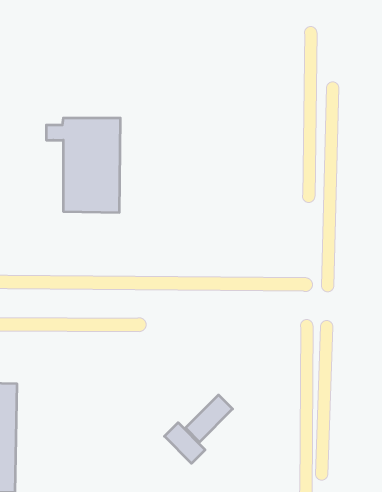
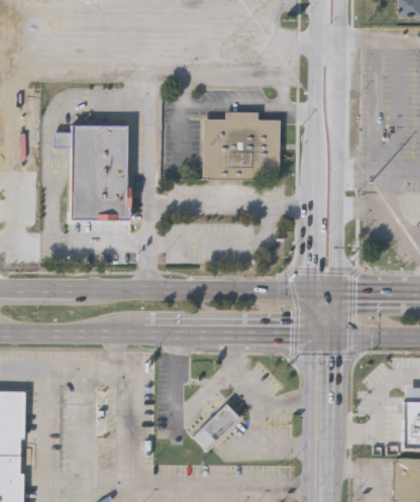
building: none -> [203,111,280,178]
building: [164,423,205,463] -> none

